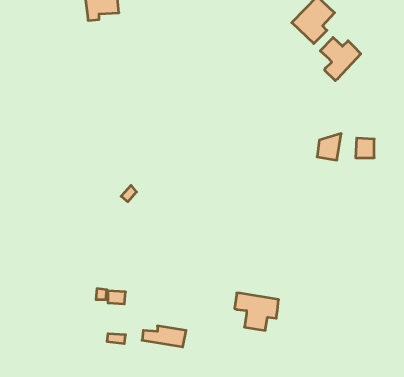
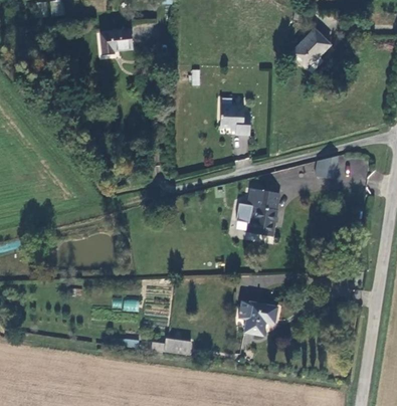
building: [320,37,361,81] -> none
building: none -> [221,104,250,134]
building: none -> [246,187,277,234]

